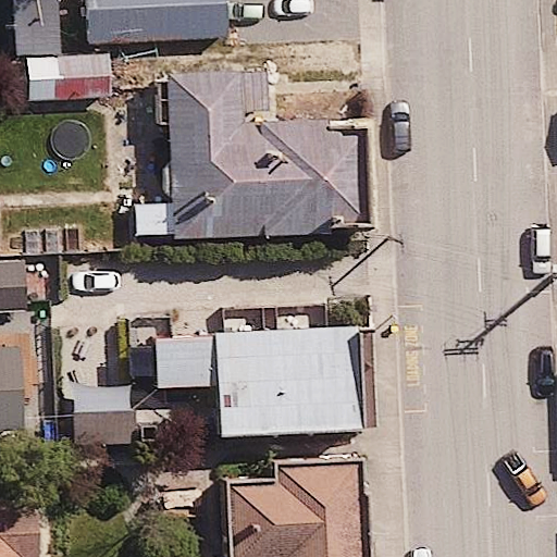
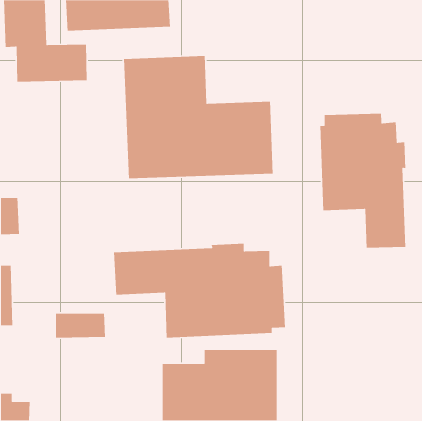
building: none -> [319,113,406,249]

